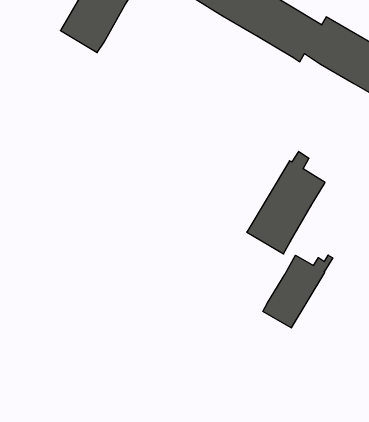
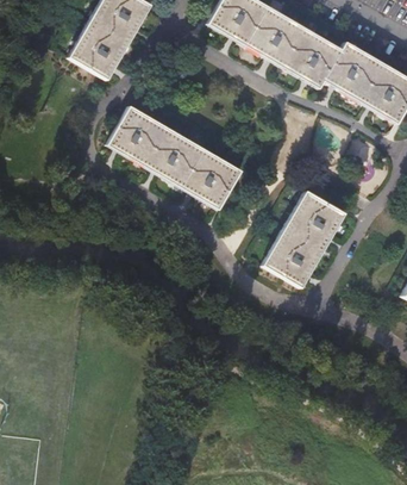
building: none -> [108,106,240,209]
building: [263,255,333,328] -> none

